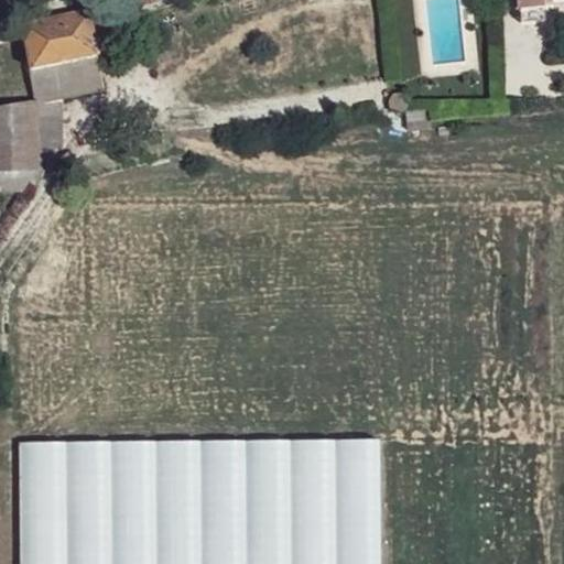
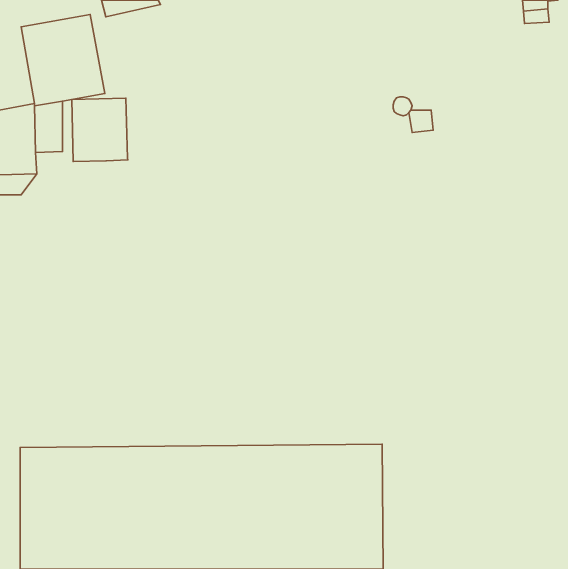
building: none -> [72,98,128,161]

